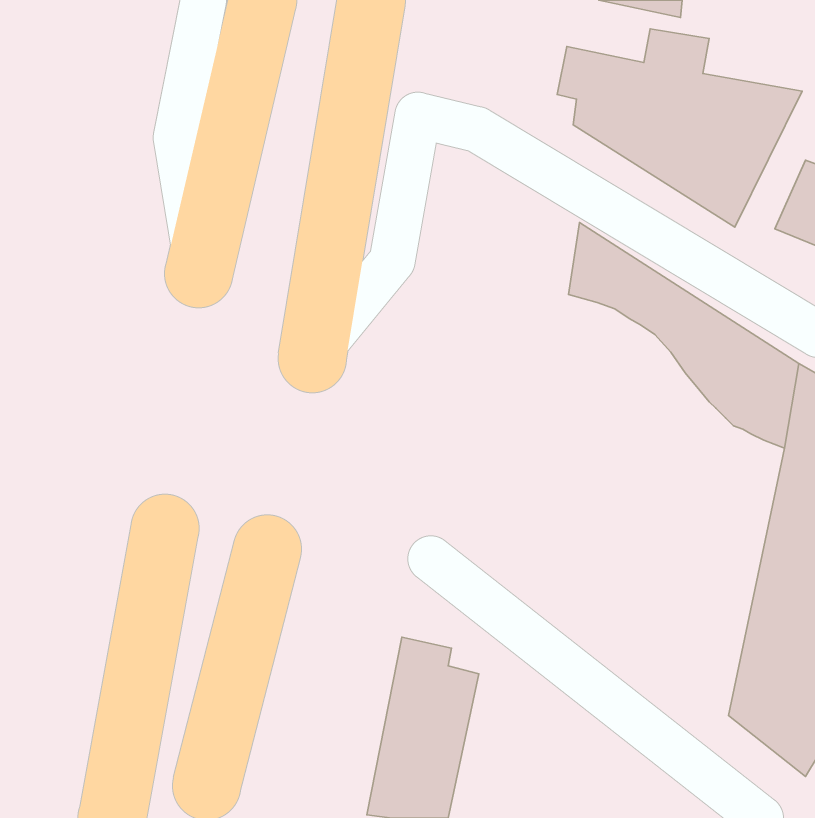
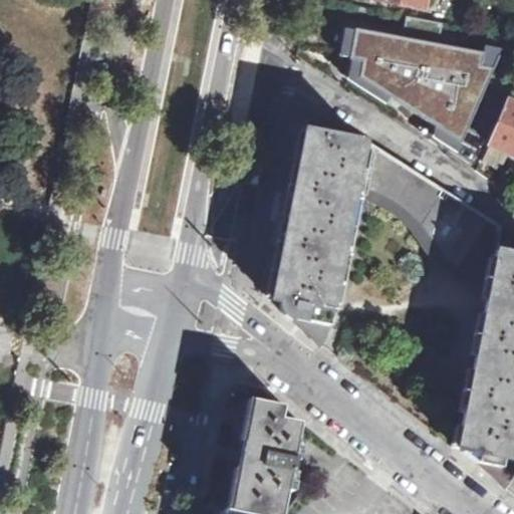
building: none -> [266,111,365,343]

